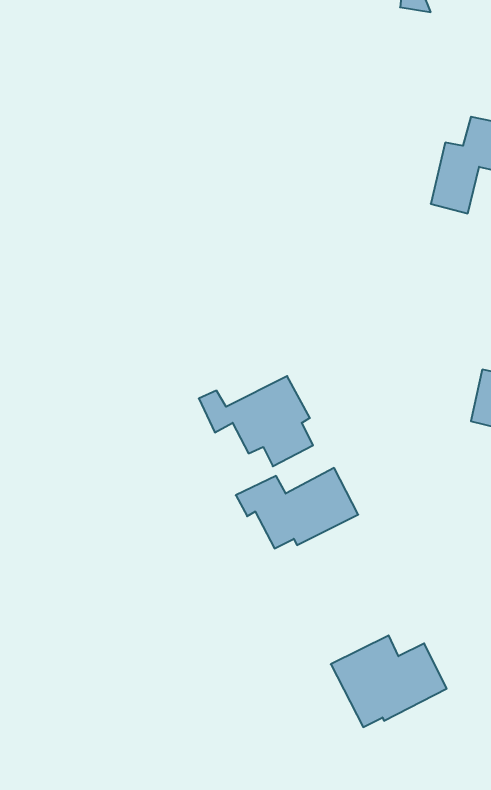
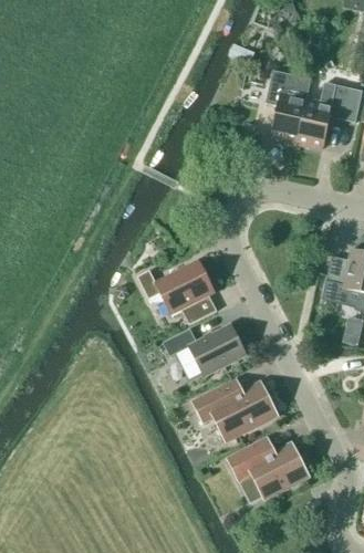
building: none -> [266,69,312,143]
building: none -> [191,377,277,441]

